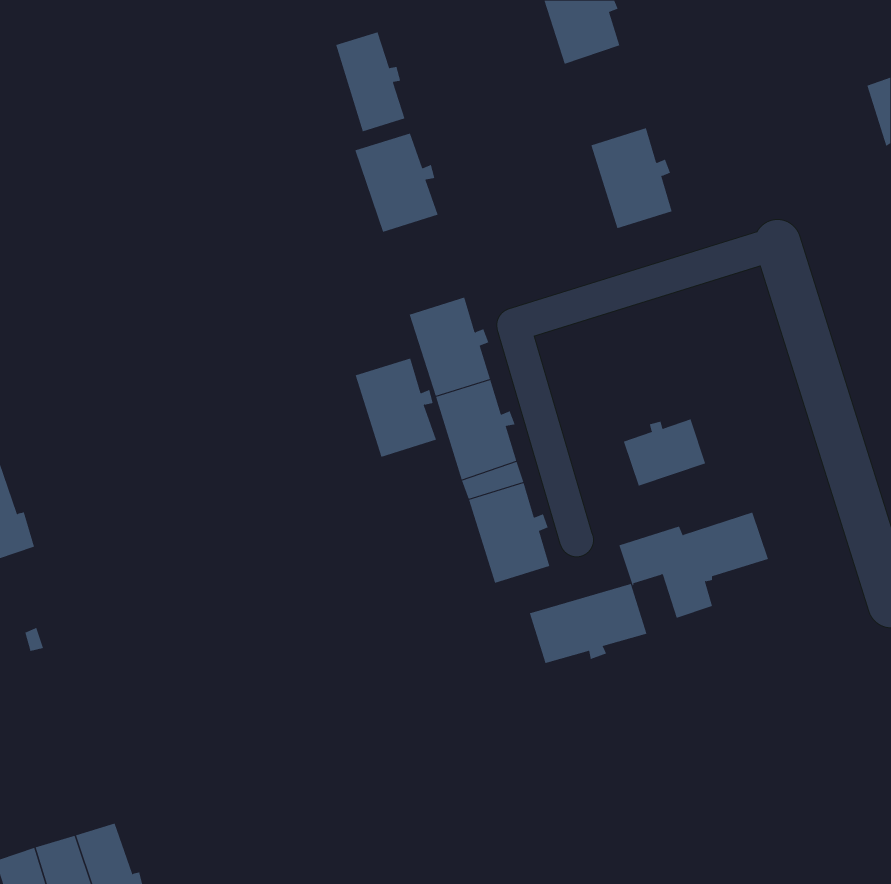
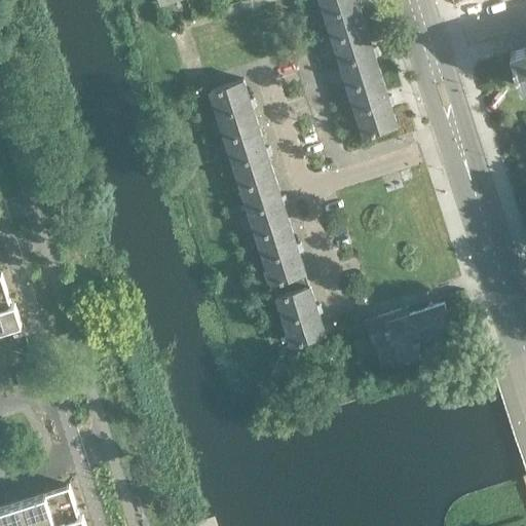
building: [335,31,405,132] -> none
building: none -> [332,32,380,90]
building: [355,358,437,457] -> [225,132,273,190]
building: [623,419,706,486] -> none
building: [529,583,647,664] -> none

